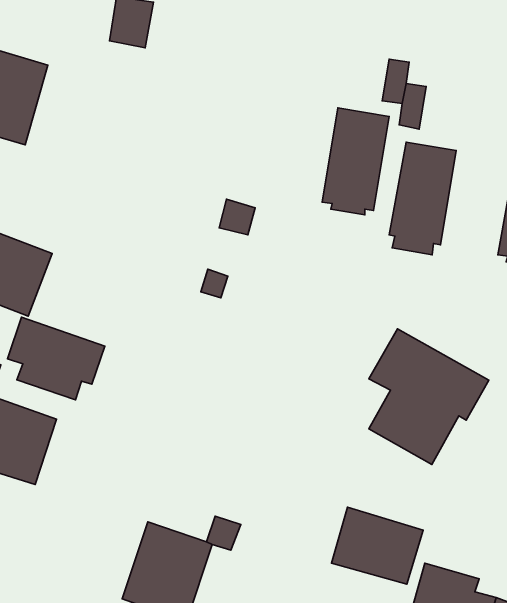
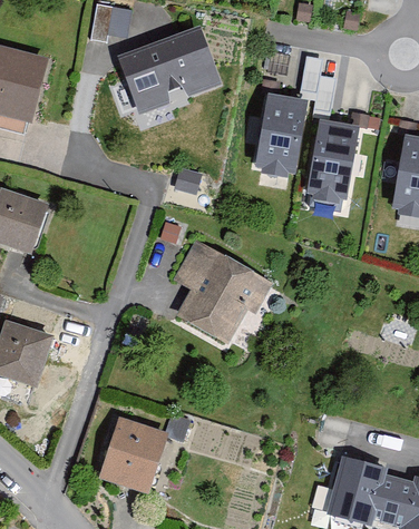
building: none -> [114,28,216,115]
building: [7,317,105,400] -> none
building: [369,329,489,464] -> [173,242,266,347]
building: [332,507,423,584] -> none

